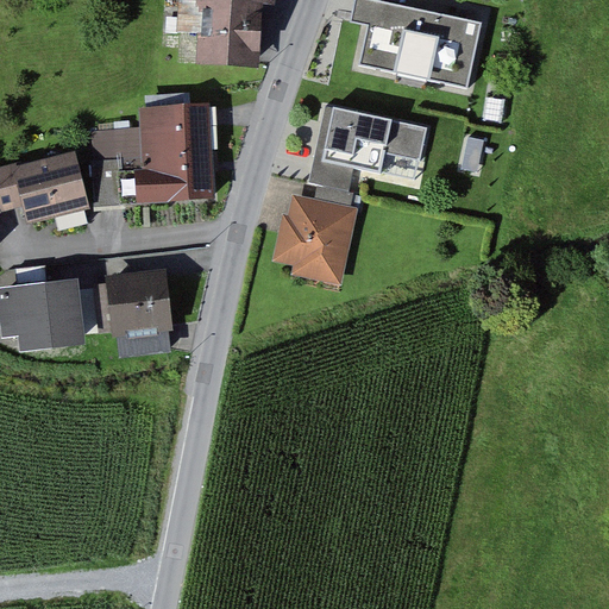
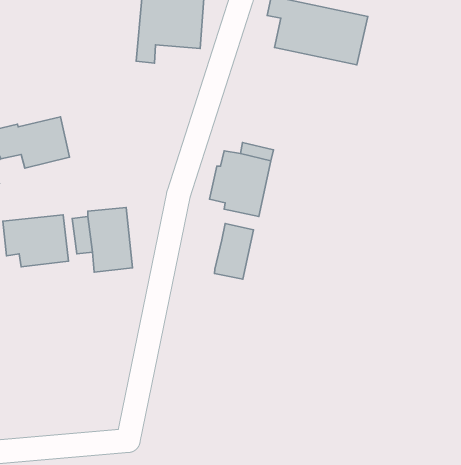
building: [94,103,218,205] -> none
building: [308,106,426,189] -> none
building: none -> [214,224,253,279]

